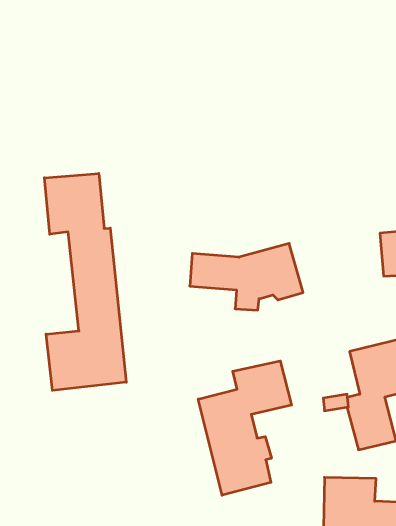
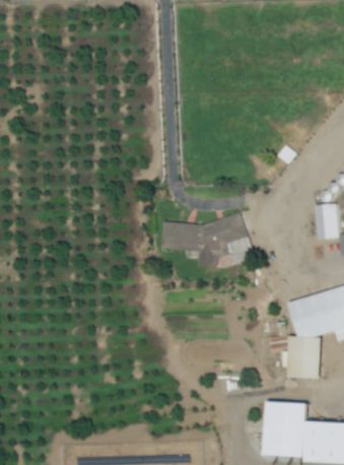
building: [44,173,126,390] -> none
building: [198,361,292,495] -> none

